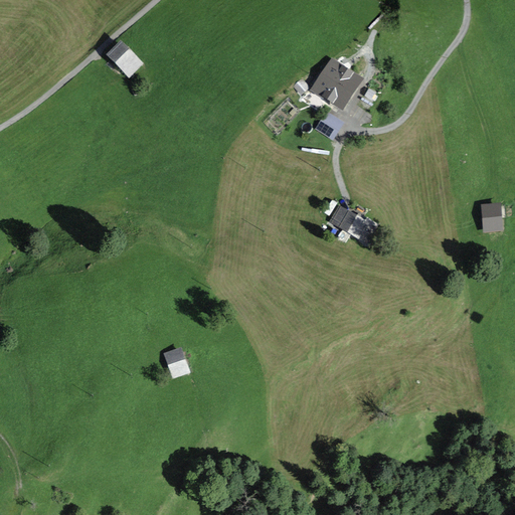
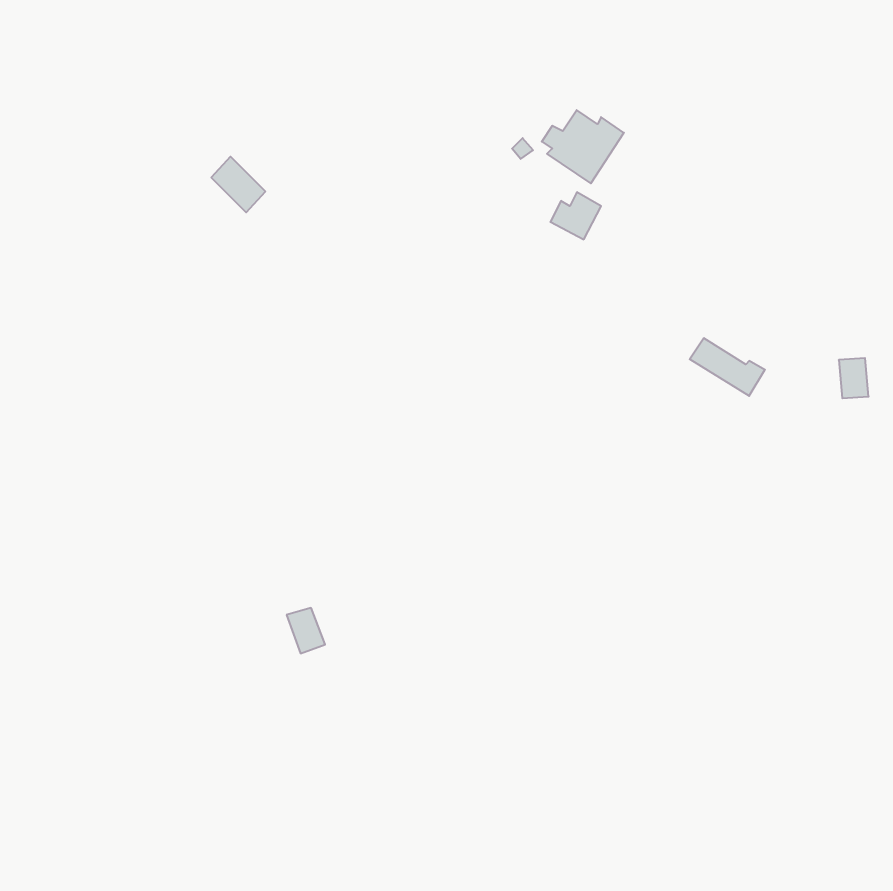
building: [109,43,140,75] -> [211,157,265,212]
building: [332,208,375,241] -> [690,338,765,396]

